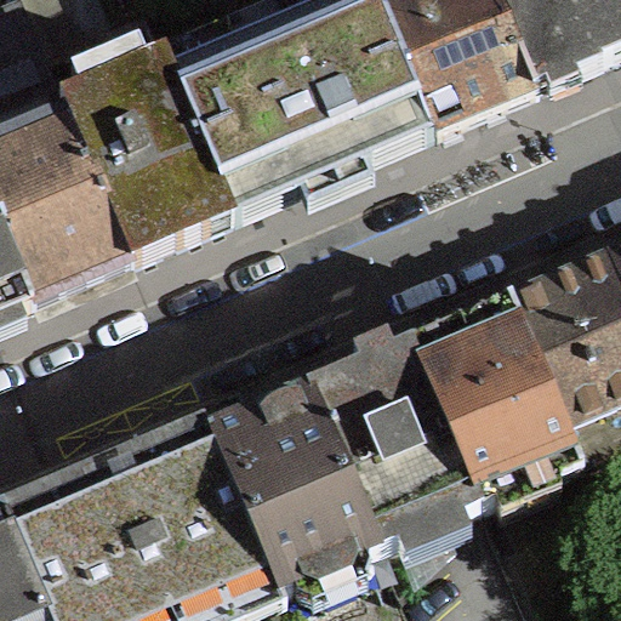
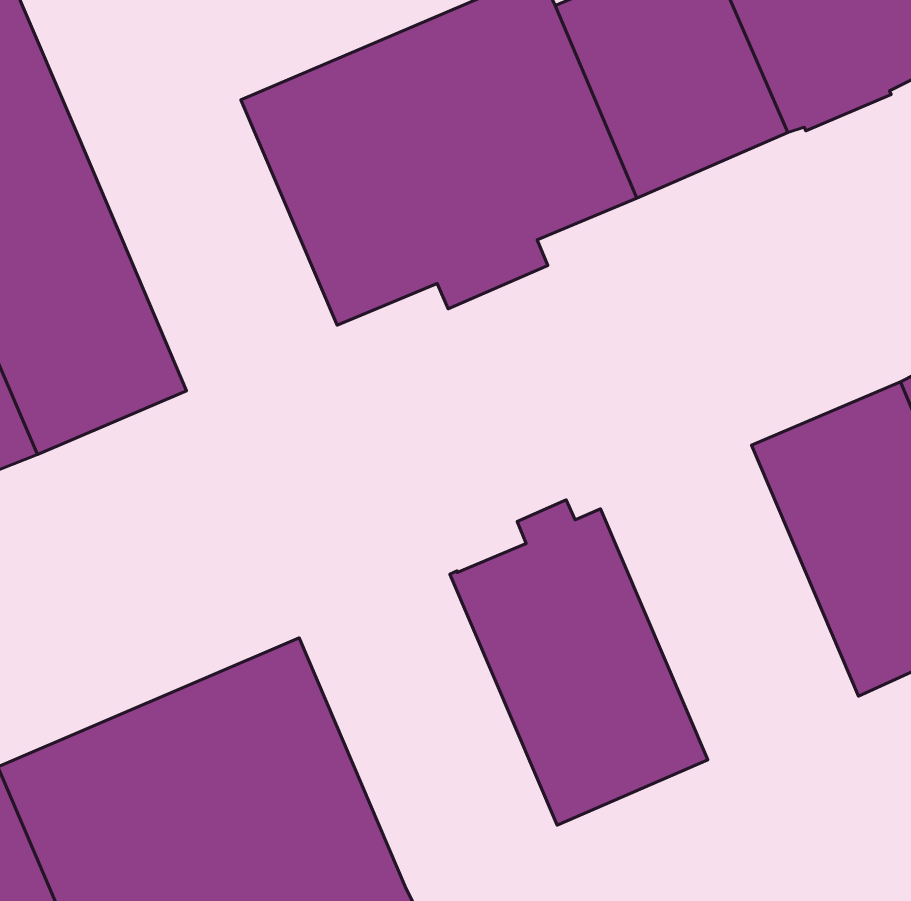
building: [53,53,226,264] -> none
building: [401,301,574,511] -> none
building: [200,387,372,597] -> none

